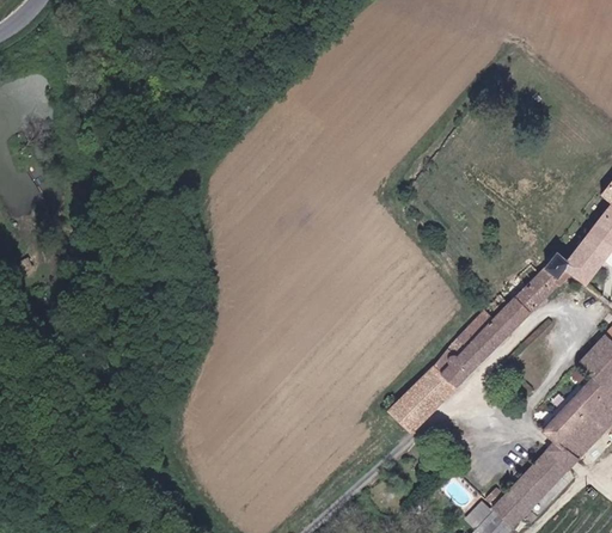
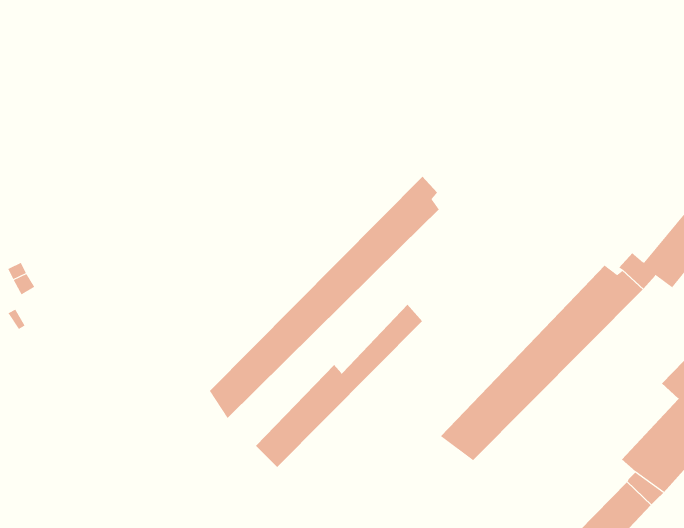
building: none -> [209,176,439,419]
building: none -> [255,304,423,468]

